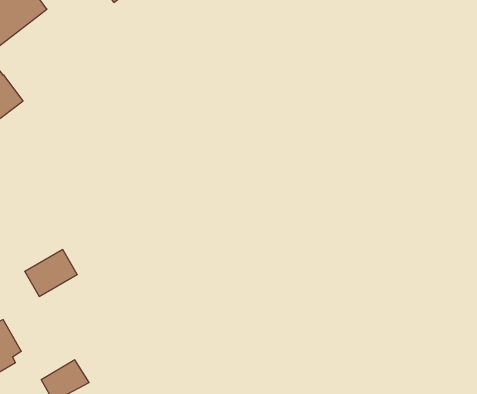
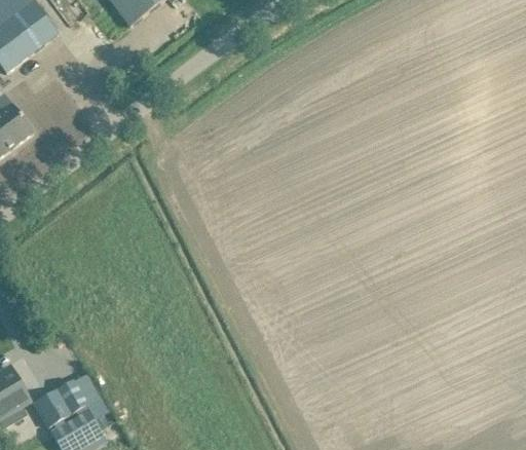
building: [25,250,77,296] -> [32,378,88,428]

